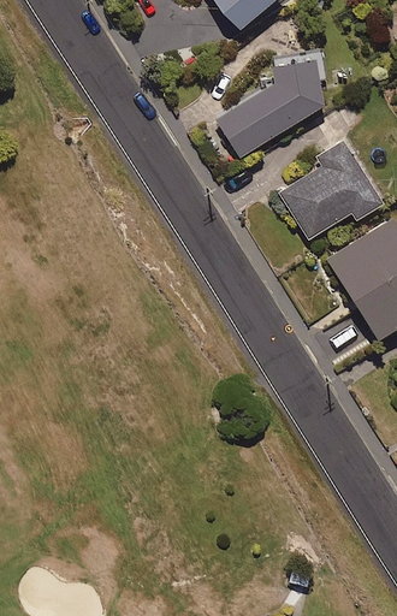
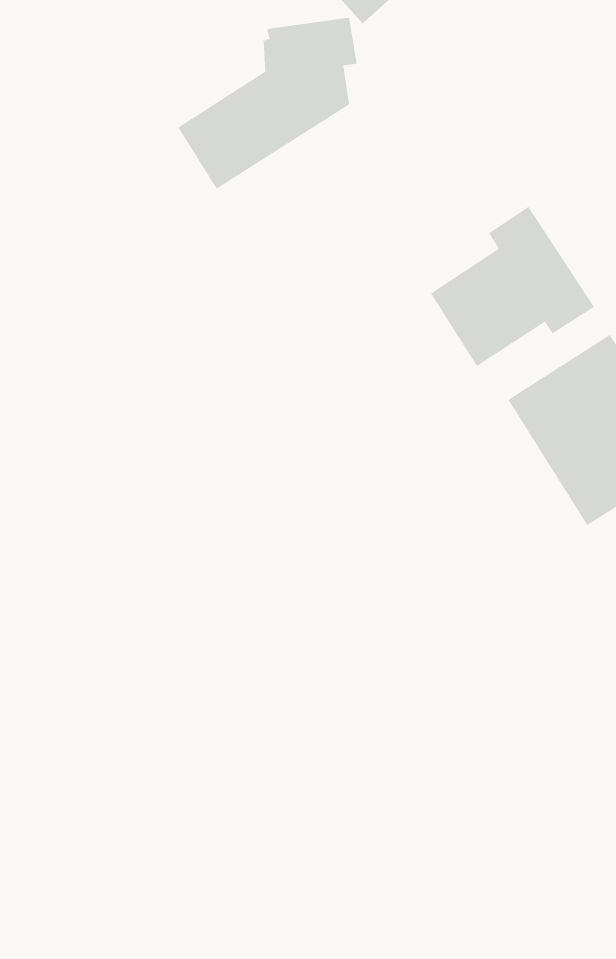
building: [217,51,328,158] -> [178,17,358,190]

